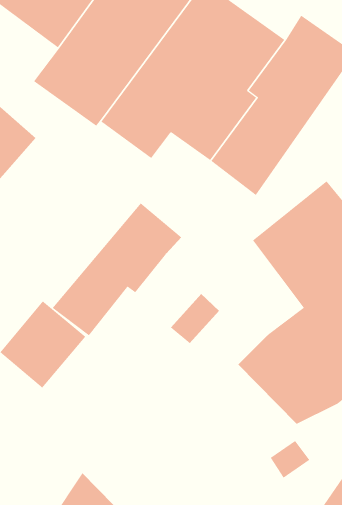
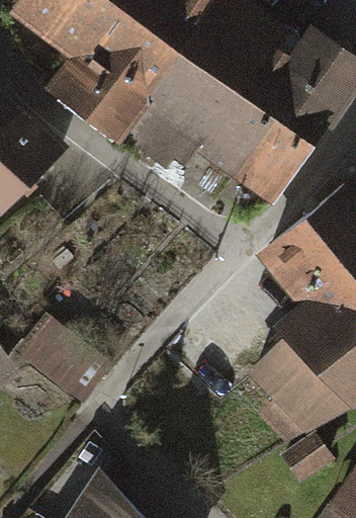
building: [52,202,182,336] -> none

